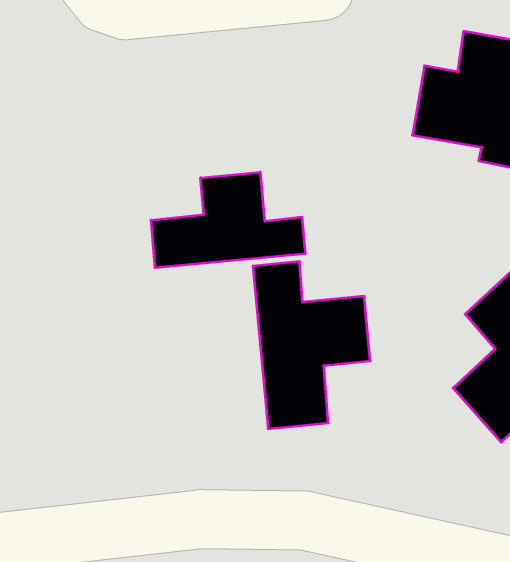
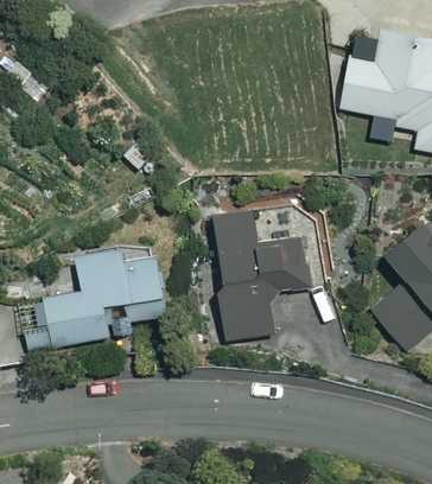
building: [151,172,305,268] -> none
building: none -> [43,247,163,345]

